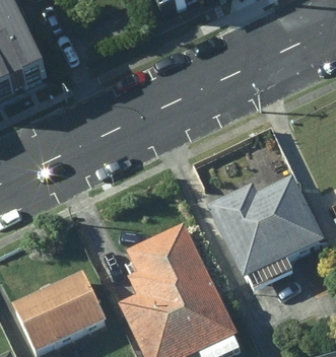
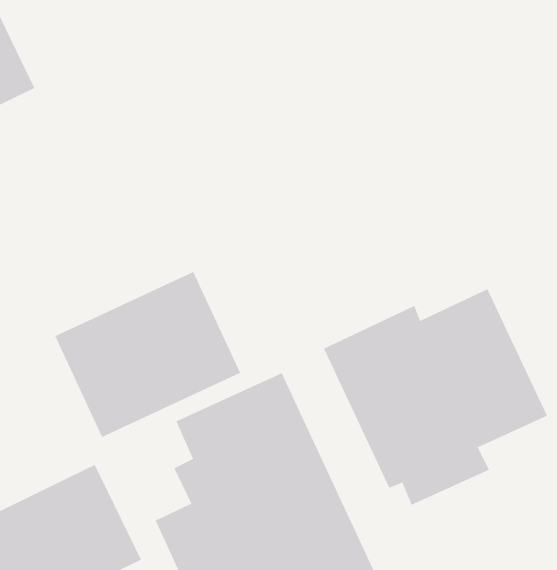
building: none -> [55,271,241,438]

